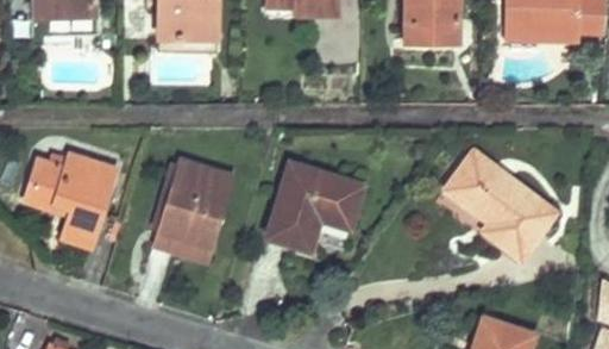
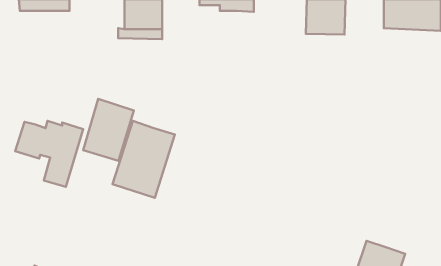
building: none -> [83,99,134,161]
building: [446,151,554,257] -> none
building: [270,161,366,247] -> none

